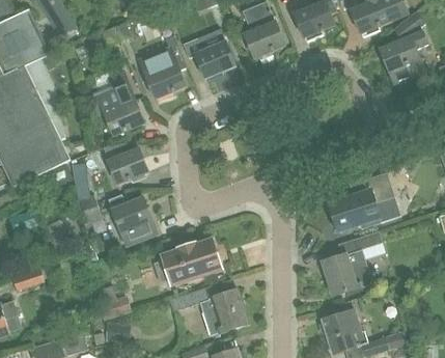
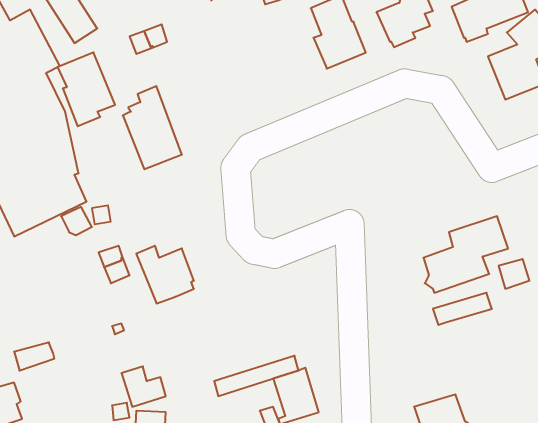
building: [194,28,234,79] -> none
building: [141,46,186,103] -> [57,52,115,126]
building: [107,147,147,184] -> none
building: [155,240,221,284] -> none
building: [321,253,370,296] -> none

